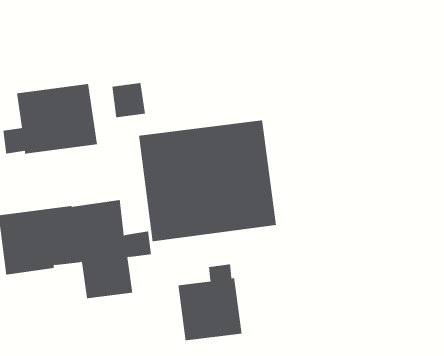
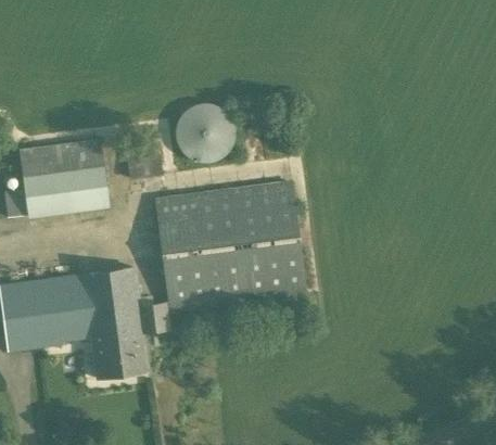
building: none -> [170,100,234,165]
building: [178,263,242,341] -> none

